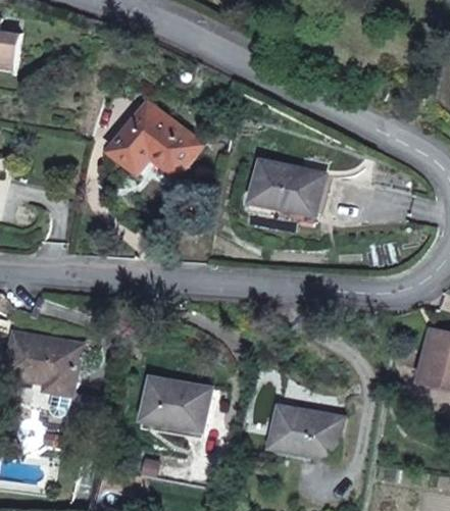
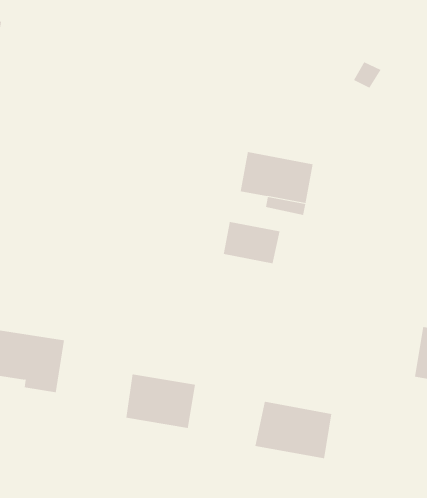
building: [106,100,200,175] -> none
building: none -> [223,221,280,264]

